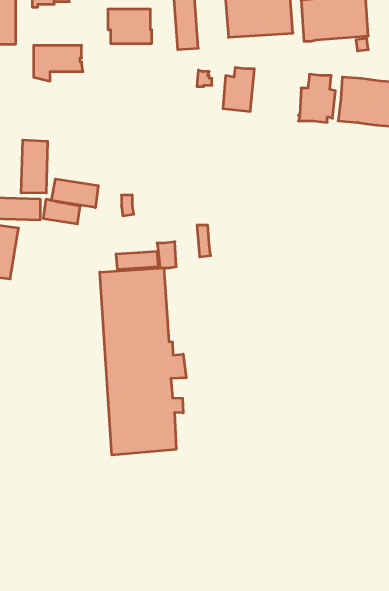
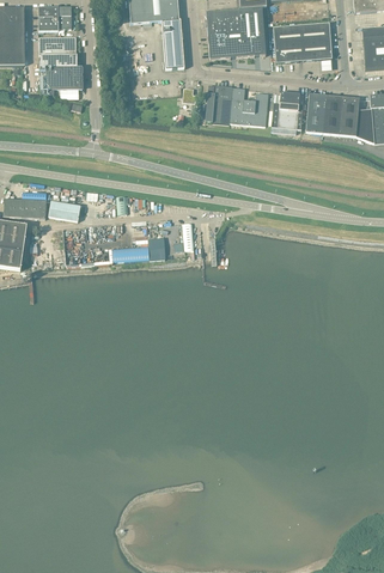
building: [108,9,152,43] -> [38,35,77,65]
building: none -> [228,85,268,124]
building: [21,140,48,193] -> none
building: [51,179,98,208] -> none
building: [100,268,186,455] -> none

